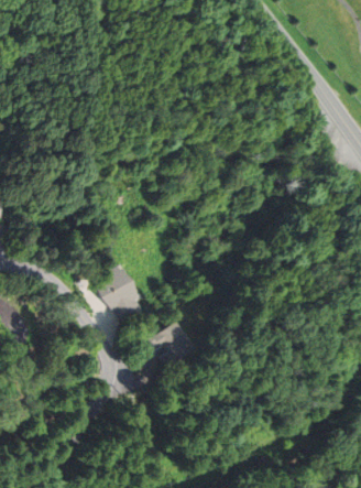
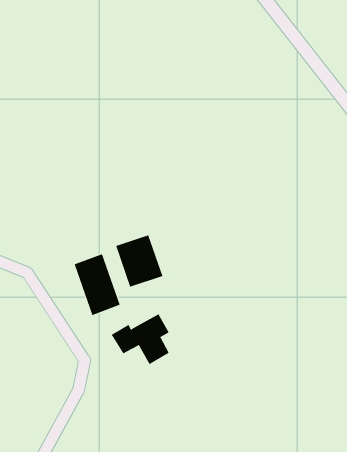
building: none -> [115,235,163,287]

